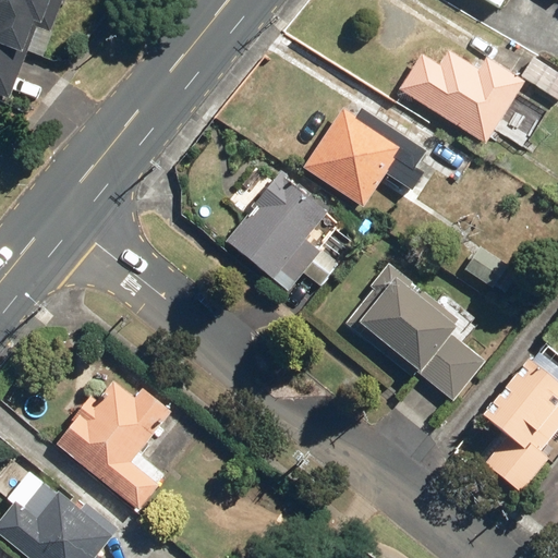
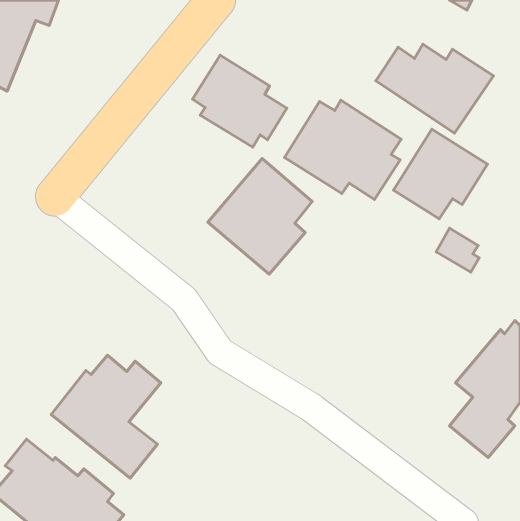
building: none -> [192,55,287,147]
building: none -> [394,129,487,219]
building: [345,263,485,402] -> none

